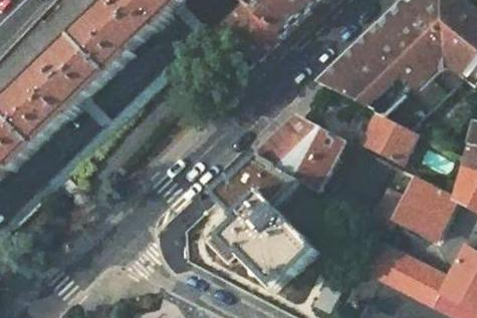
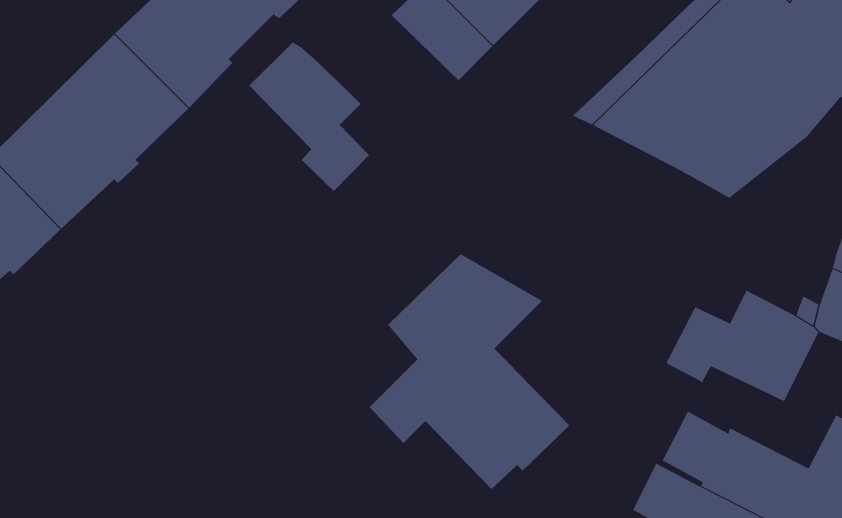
building: none -> [248,41,370,192]
building: [361,109,416,162] -> none
building: [255,112,343,189] -> none

